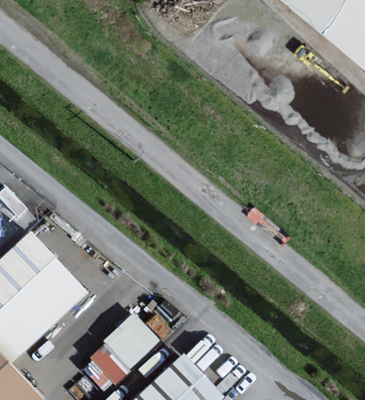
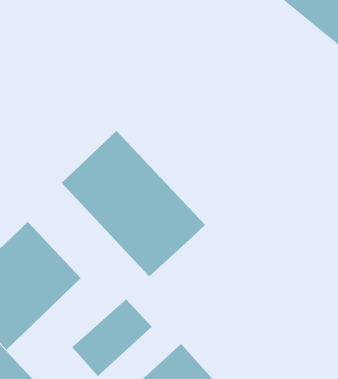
building: none -> [61,130,206,277]

